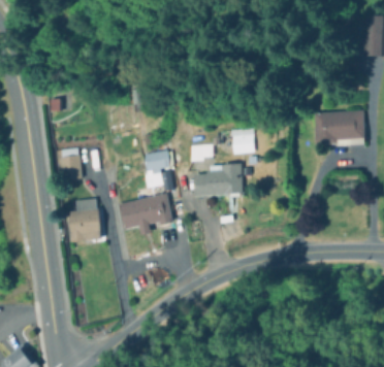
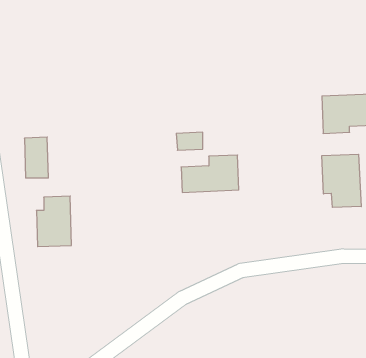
building: [231,128,253,153] -> none
building: [120,152,169,234] -> none
building: none -> [322,154,361,207]

